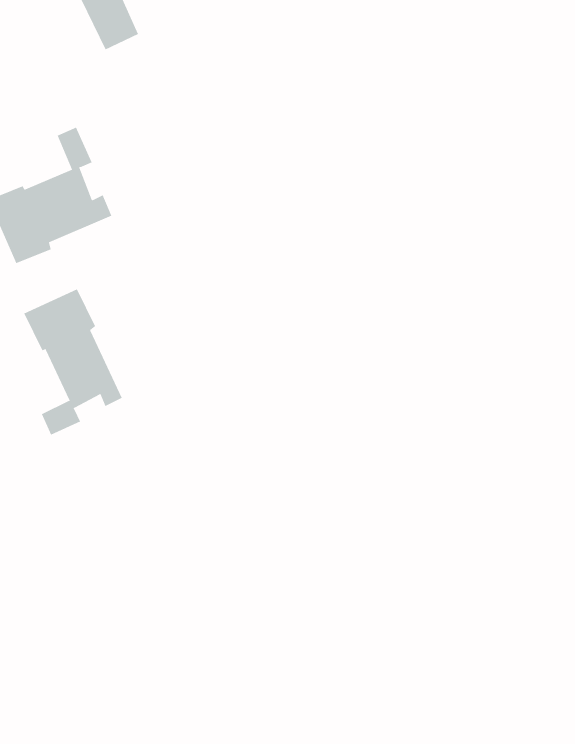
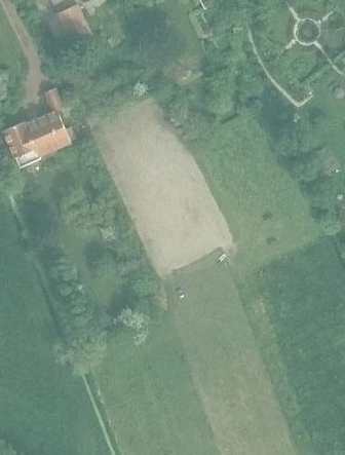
building: [23,289,123,435] -> none

